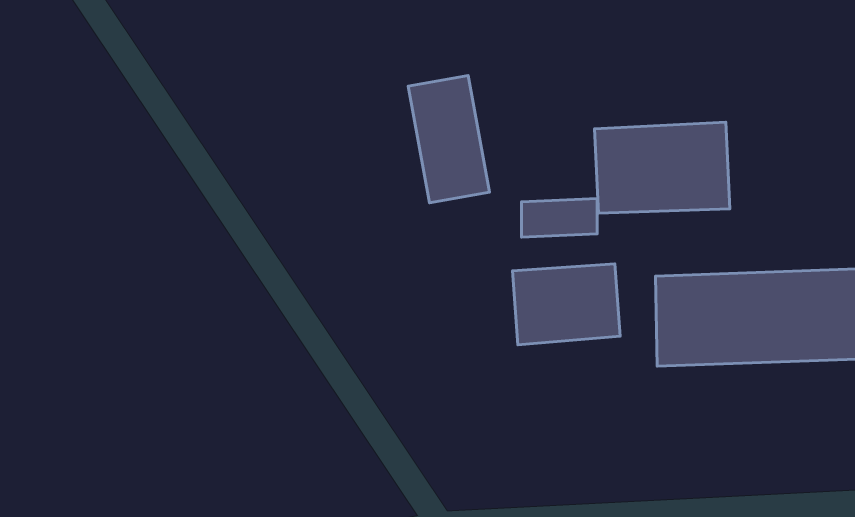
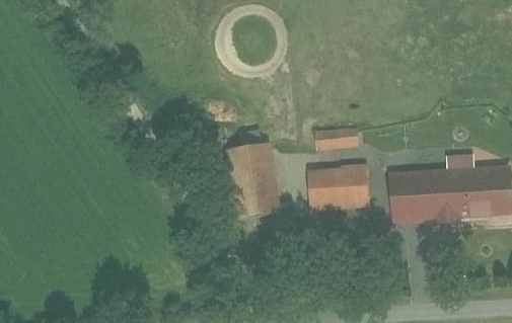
building: [408,76,489,203] -> [233,144,280,217]
building: [595,122,730,213] -> none

